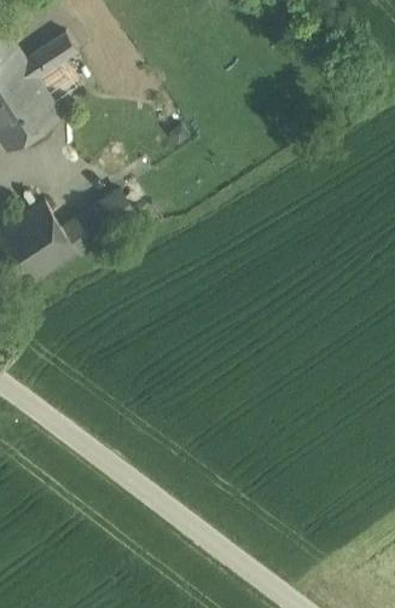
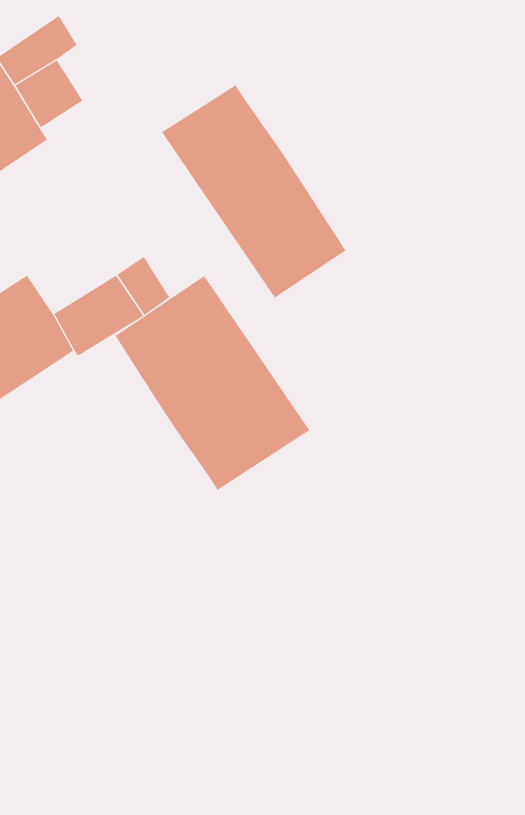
building: none -> [161,84,347,299]
building: none -> [114,275,310,491]

